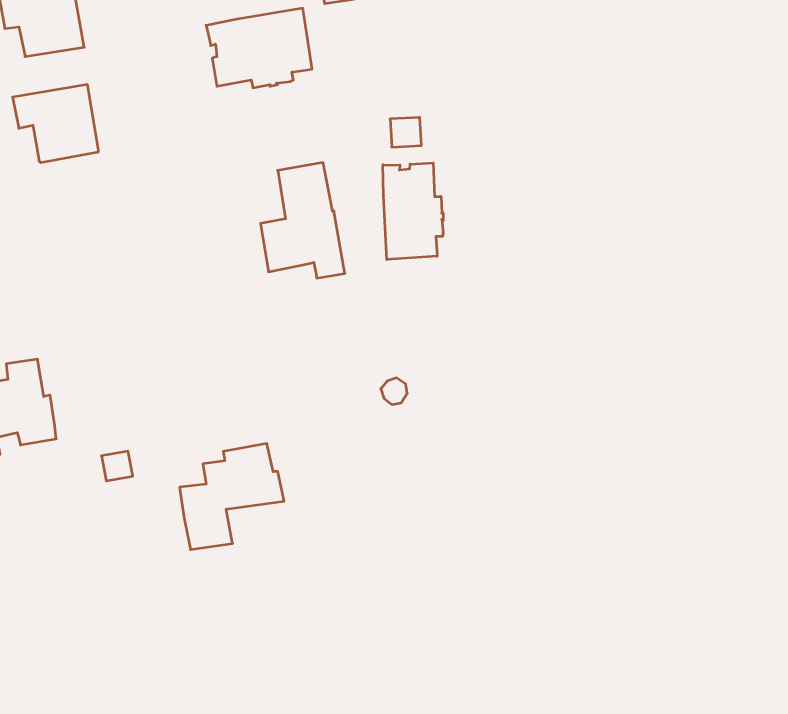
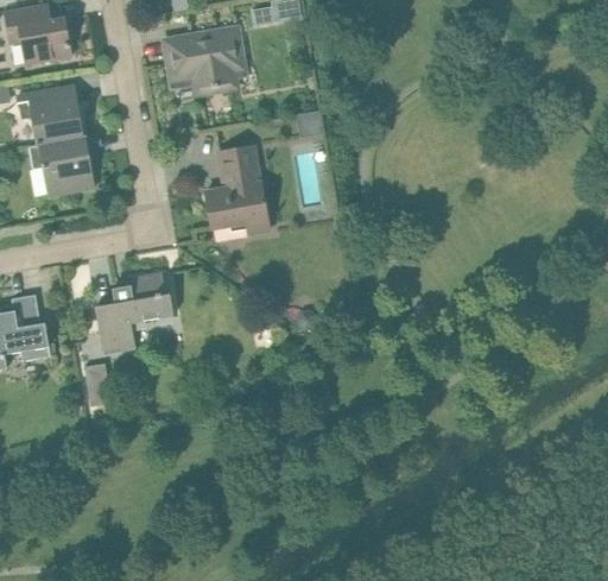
building: none -> [28,135,94,196]
building: [383,163,443,260] -> none
building: [180,444,284,550] -> [95,272,175,353]

